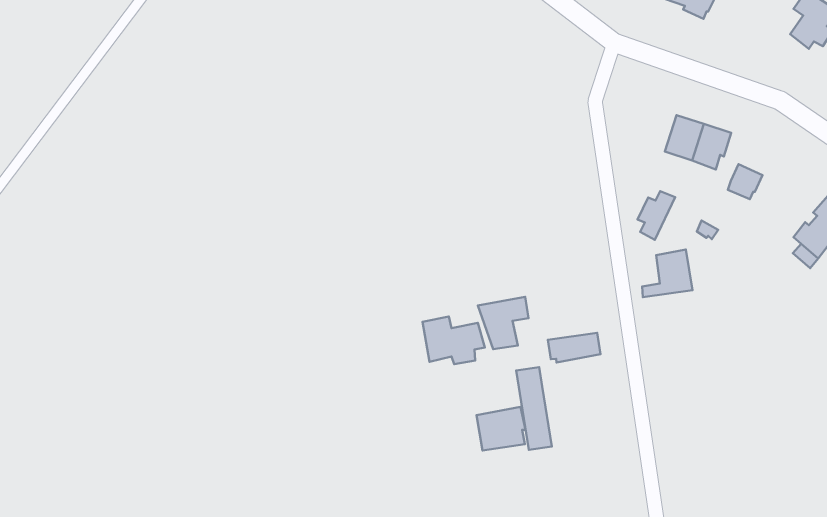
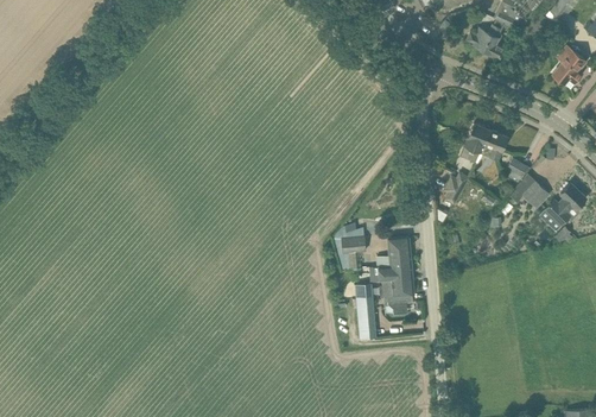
building: none -> [511,172,551,207]
building: [642,250,692,297] -> [378,235,411,265]
building: [422,316,485,364] -> none
building: [476,407,526,451] -> [382,277,414,304]

